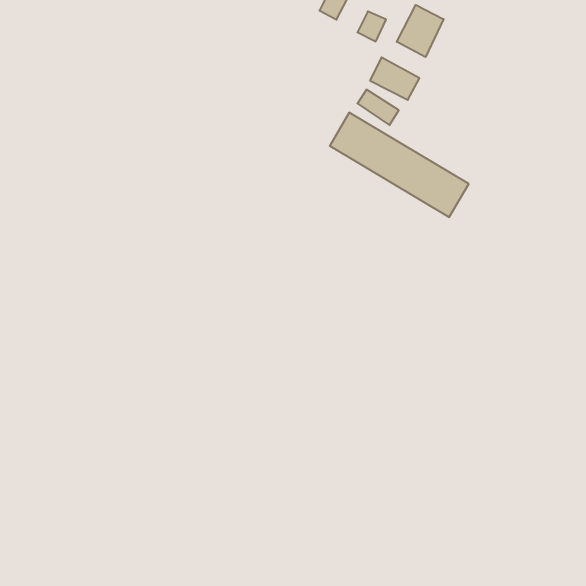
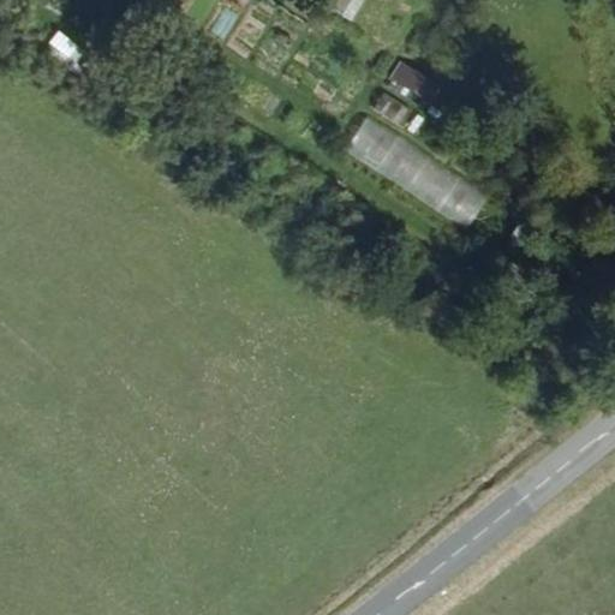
building: [397,5,444,57] -> none

